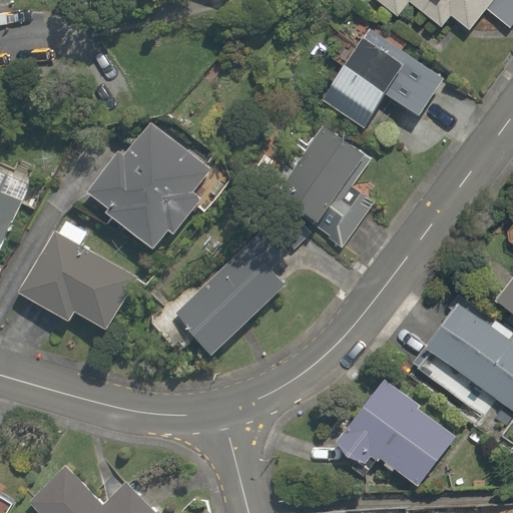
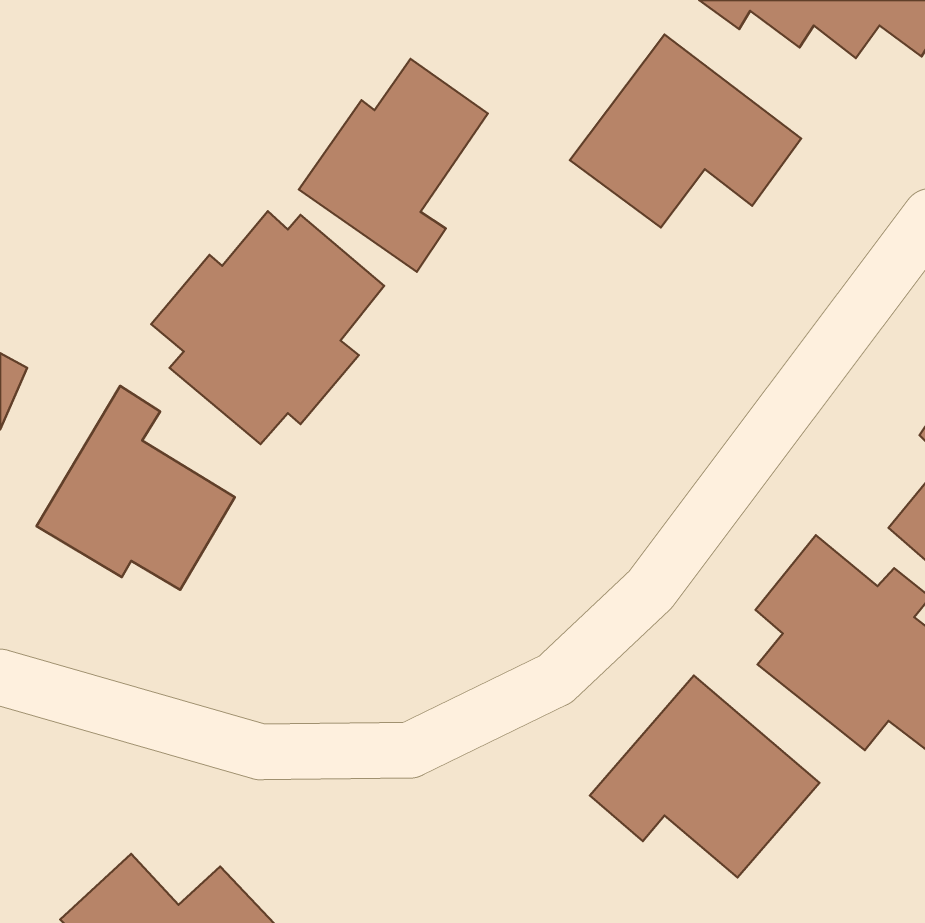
building: none -> [299,59,488,272]
building: [271,121,381,250] -> none
building: [177,247,286,353] -> none

